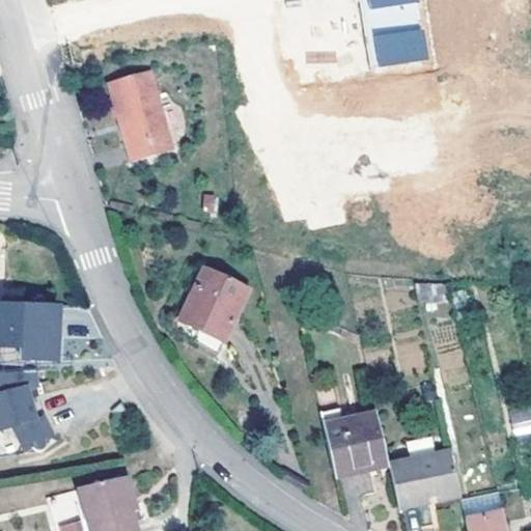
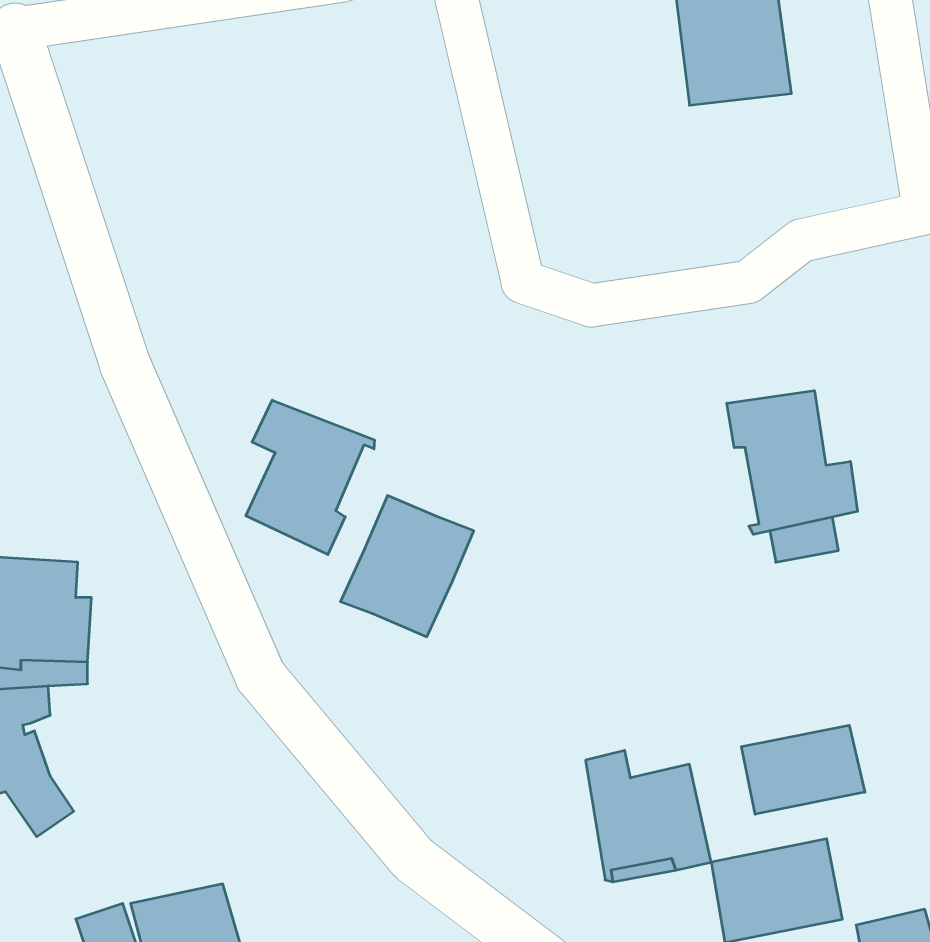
building: [114,72,177,161] -> none
building: none -> [727,391,858,534]
building: none -> [246,400,374,555]
building: none -> [741,725,865,814]

